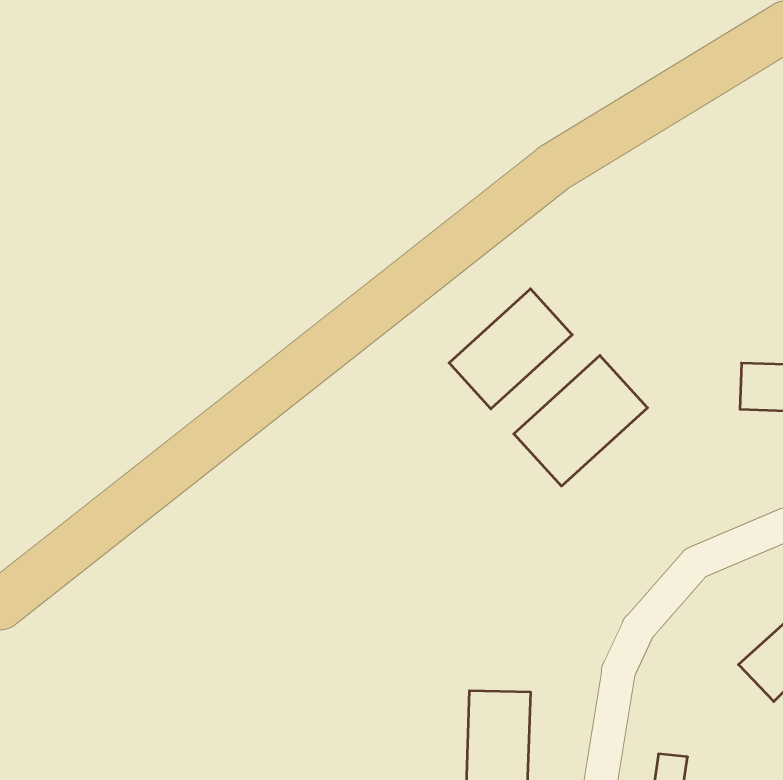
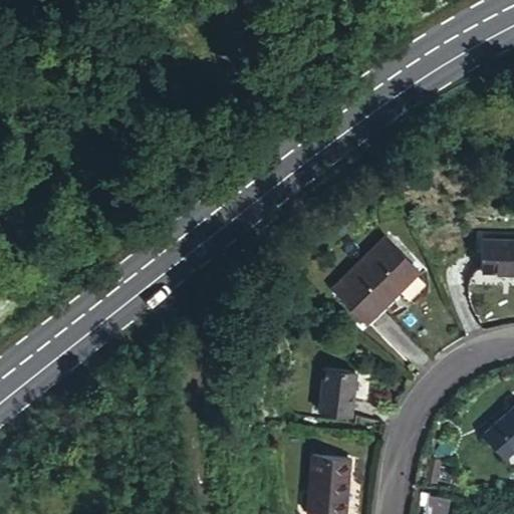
building: [449,289,572,409] -> none
building: none -> [317,372,357,424]

